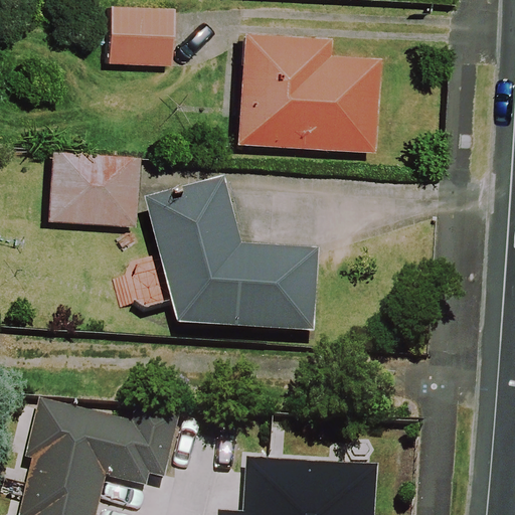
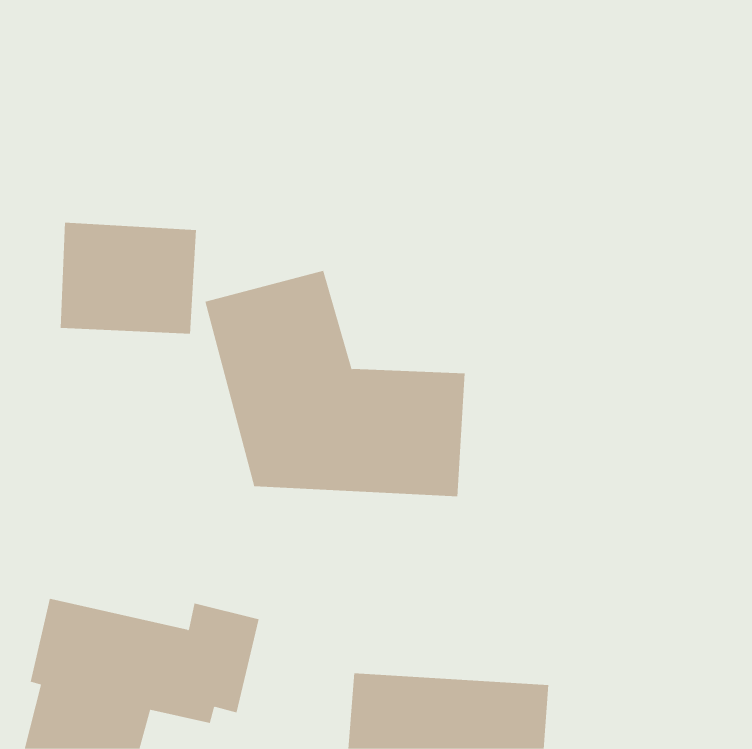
building: [109,4,172,64] -> none
building: [235,34,379,152] -> none

